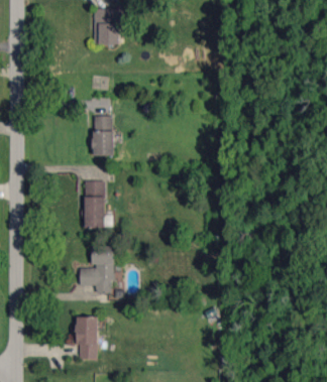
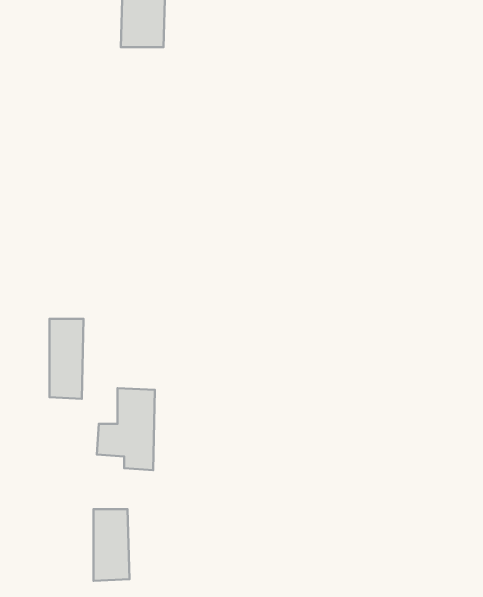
building: [92,117,113,156] -> none
building: [84,181,104,229] -> [50,319,84,399]

